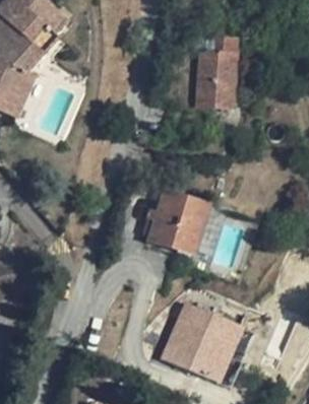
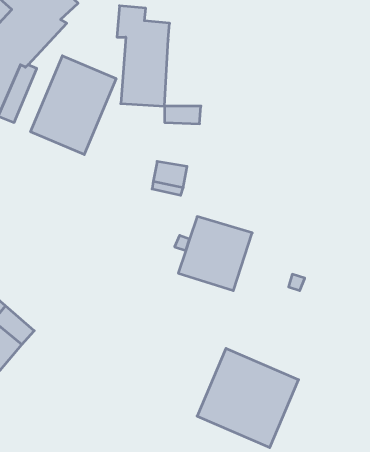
building: [192,26,235,108] -> [117,6,170,106]
building: none -> [31,56,116,155]

